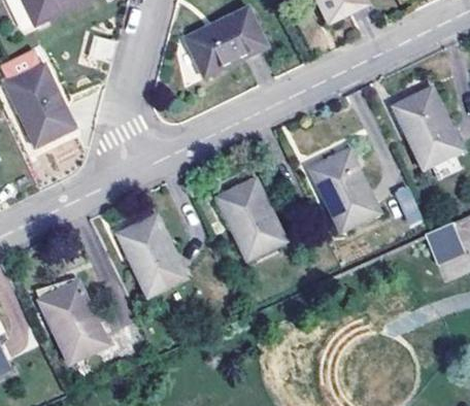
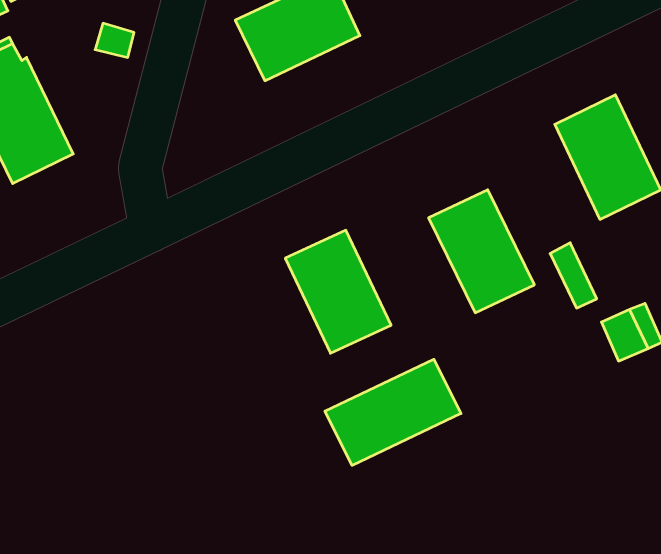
building: [116,212,186,296] -> none
building: none -> [325,359,461,465]
building: [37,279,107,362] -> none

